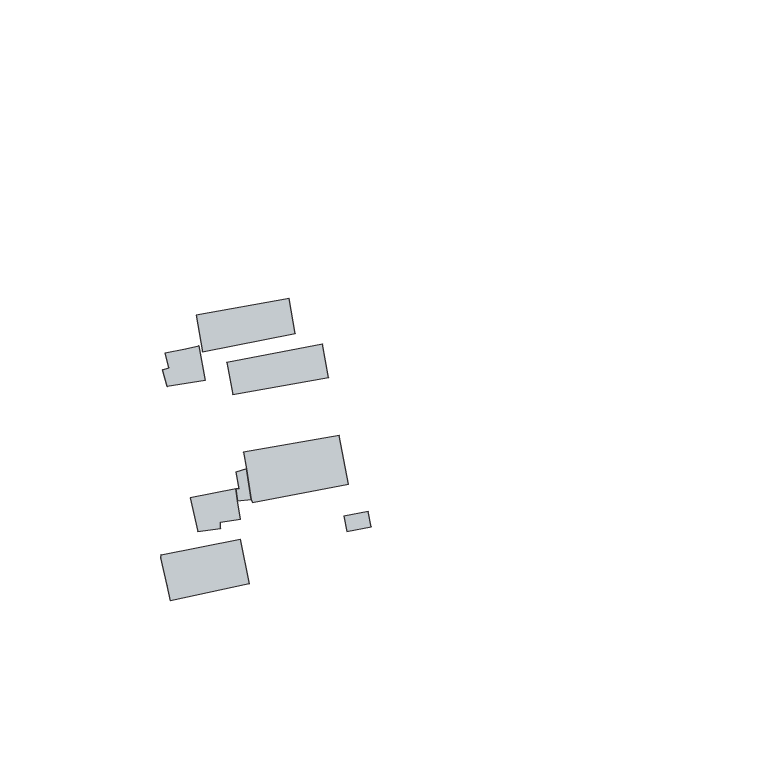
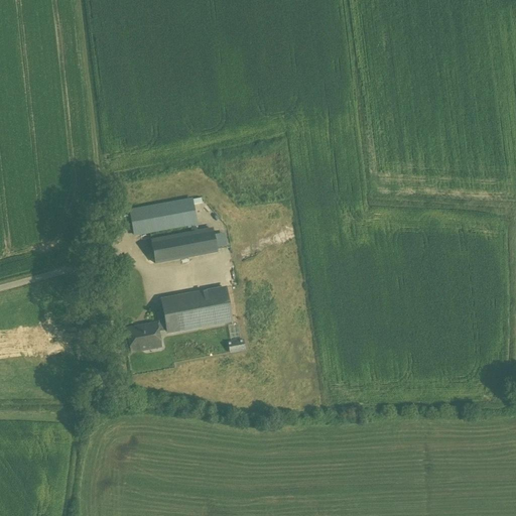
building: [163,346,205,387] -> none
building: [161,539,249,601] -> none

